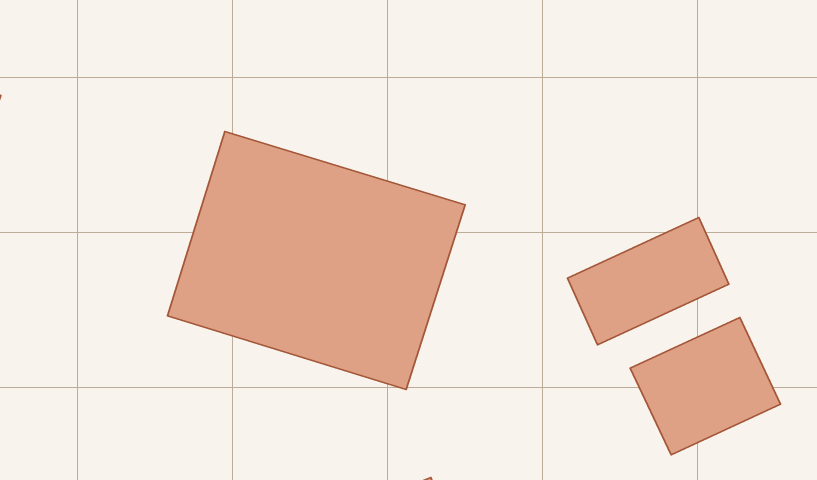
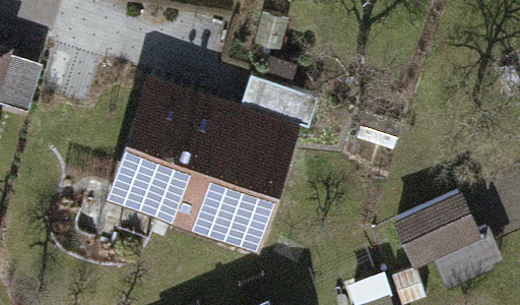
building: [568,218,729,345] -> none

